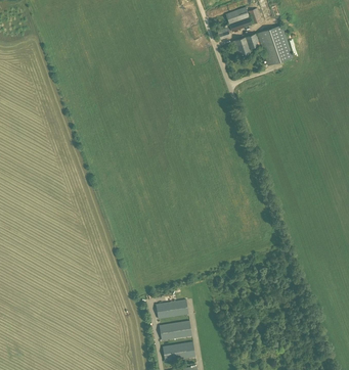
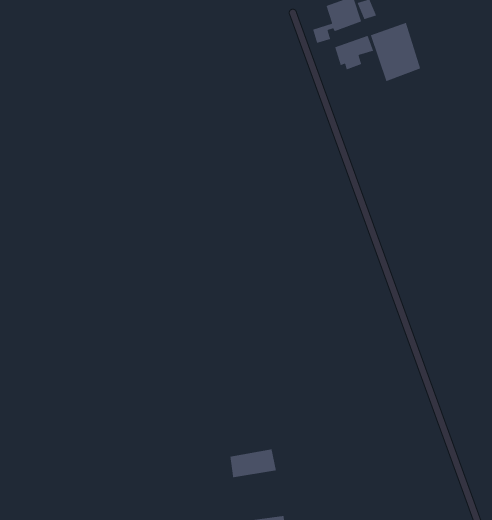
building: [156,299,188,319] -> none
building: [163,341,195,362] -> none

